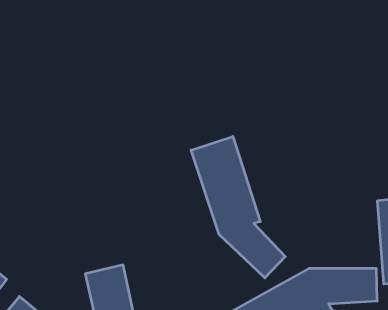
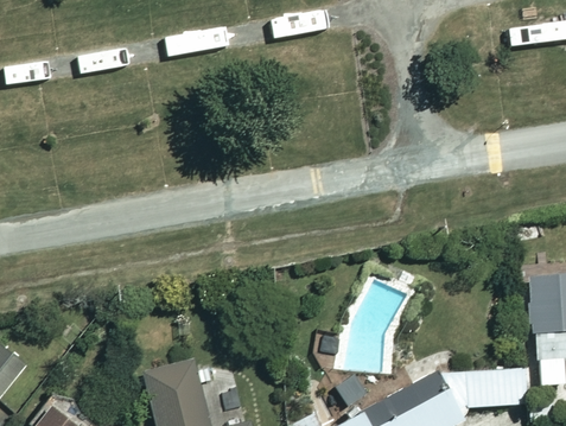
building: [191,136,285,278] -> none

